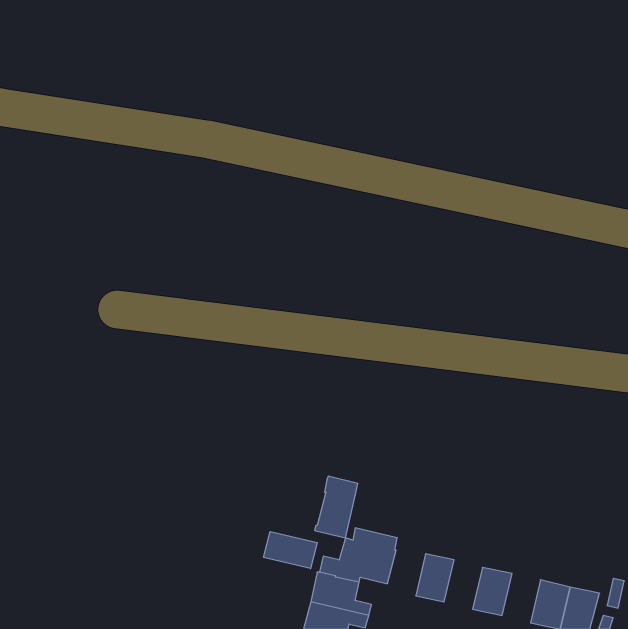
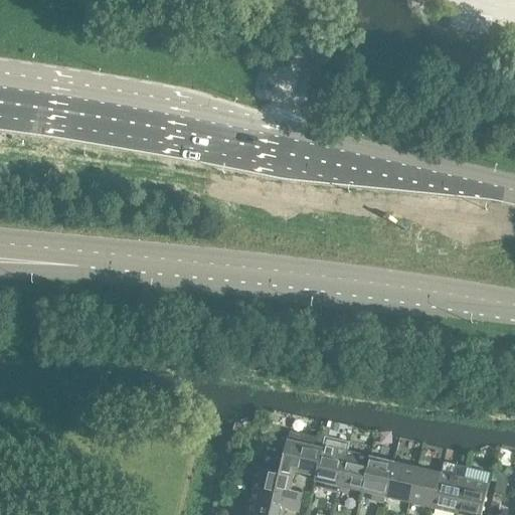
building: [315,476,358,538] -> [316,436,351,486]
building: [264,532,317,569] -> none
building: none -> [364,457,395,497]
building: none -> [411,468,443,508]

